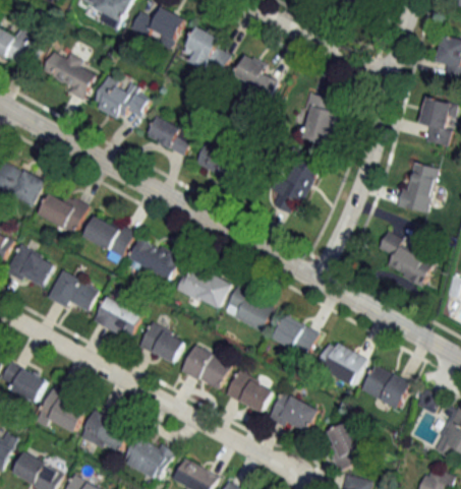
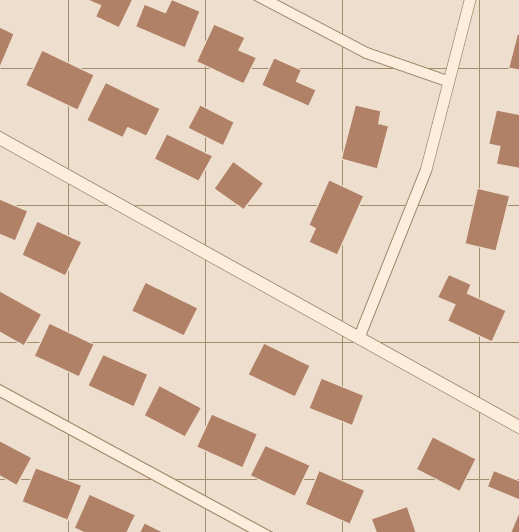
building: none -> [188,105,234,146]
building: [81,212,133,256] -> none
building: [176,264,230,309] -> none
building: [315,340,365,384] -> none

